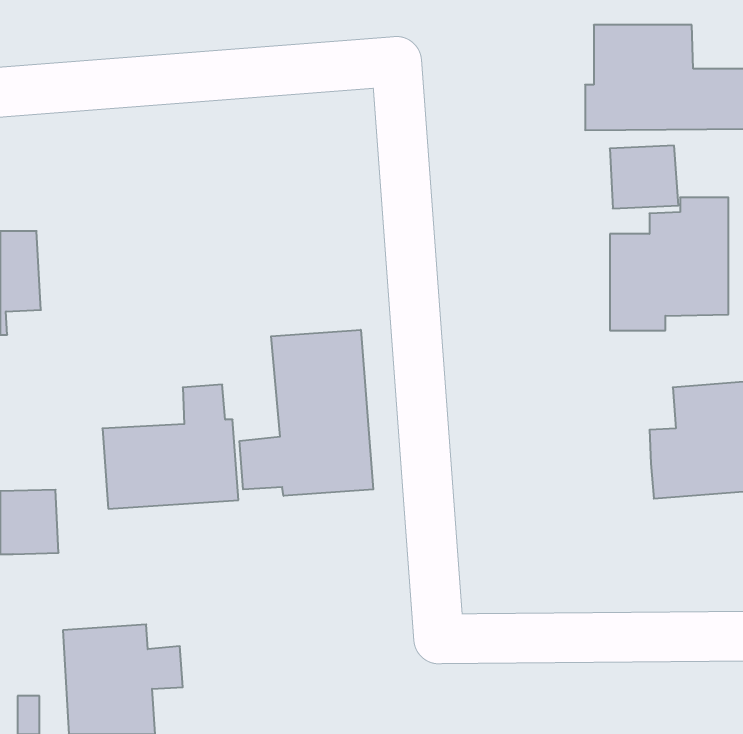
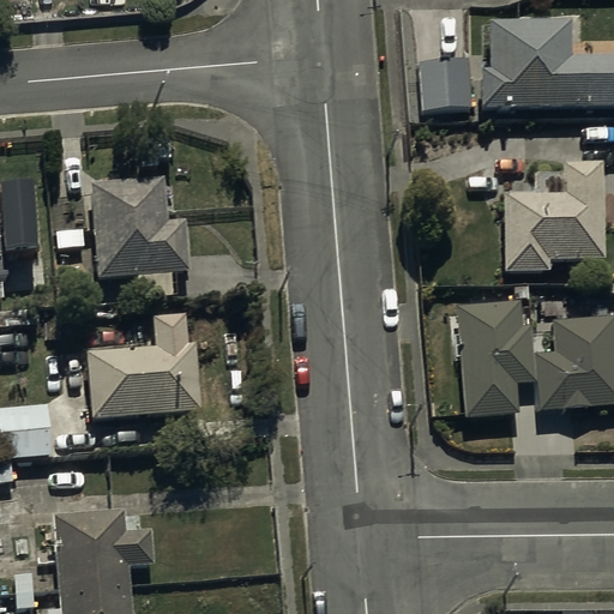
building: [610,146,678,208] -> [417,56,474,108]
building: none -> [90,177,189,276]
building: [240,330,373,496] -> none
building: none -> [457,300,537,417]

